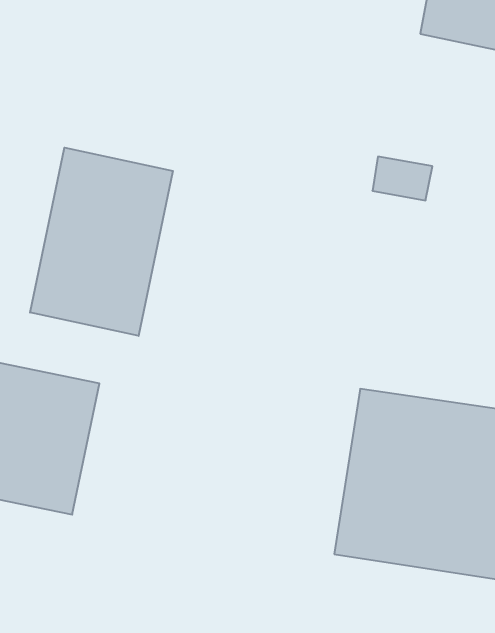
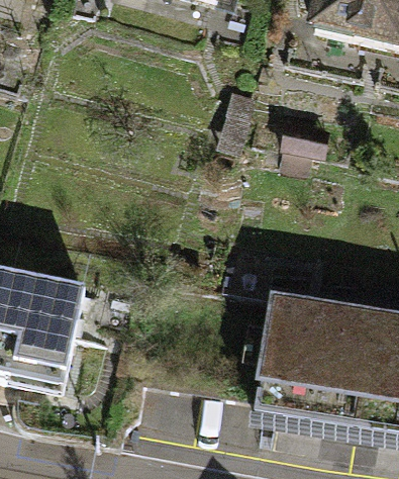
building: [30,148,173,336] -> none

